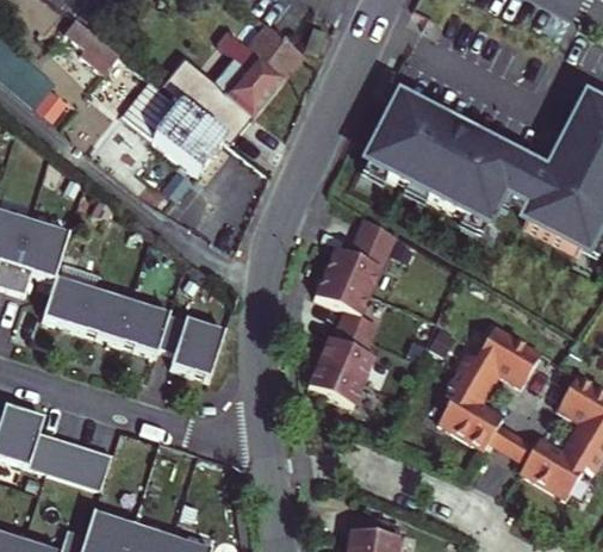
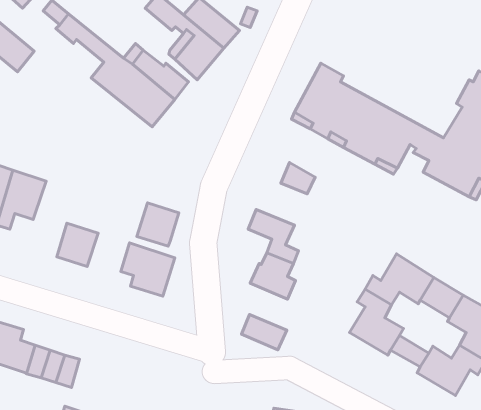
building: [427,110,574,185] -> none
building: [324,240,386,291] -> none
building: [43,277,94,329] -> none
building: [119,300,170,353] -> [137,203,179,246]
building: [307,361,362,404] -> [242,314,287,350]

